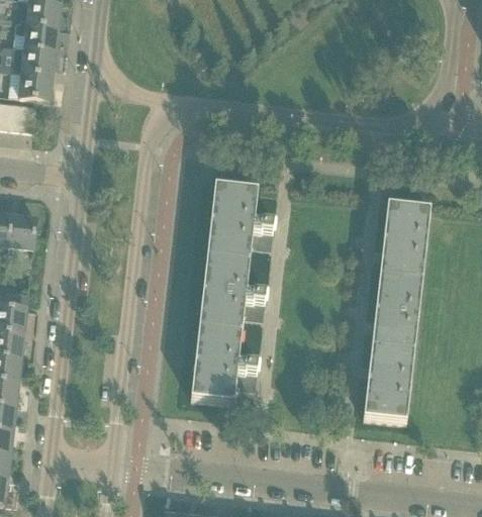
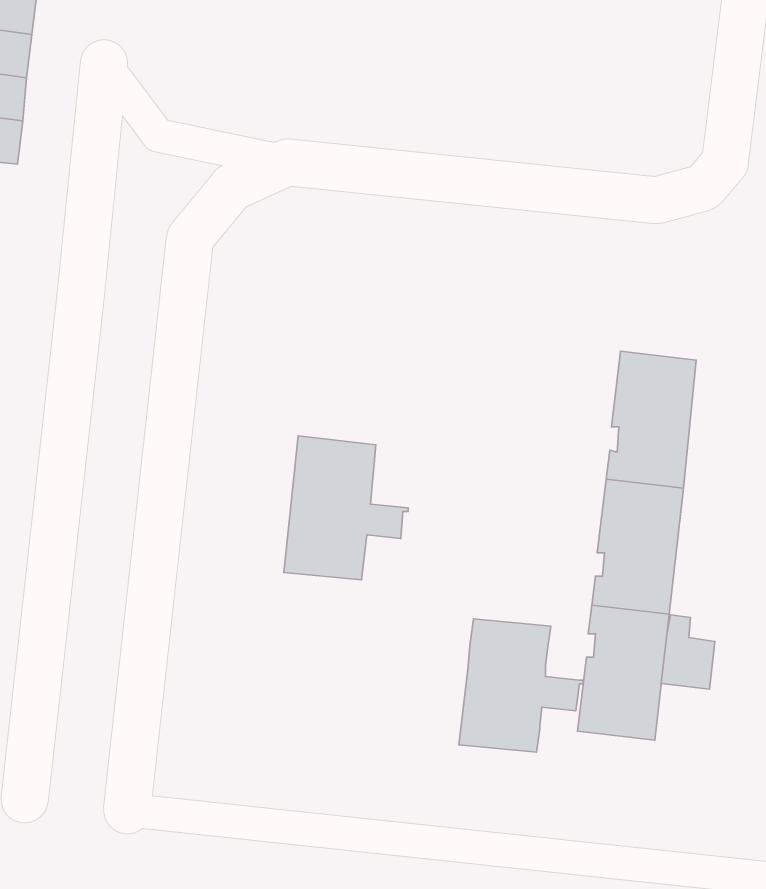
building: [207,181,277,252] -> none
building: [191,324,261,399] -> [459,619,583,752]
building: none -> [661,615,715,689]

